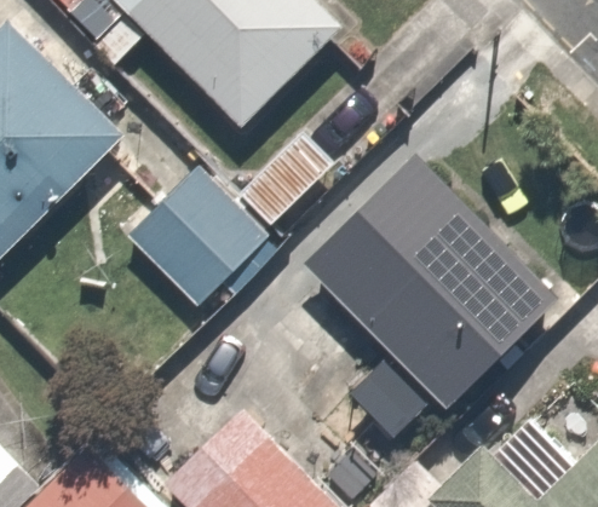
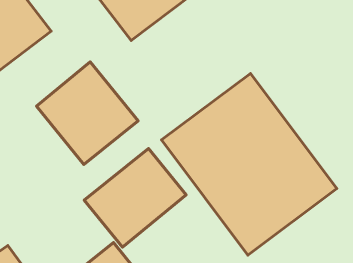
building: none -> [84,149,186,247]

